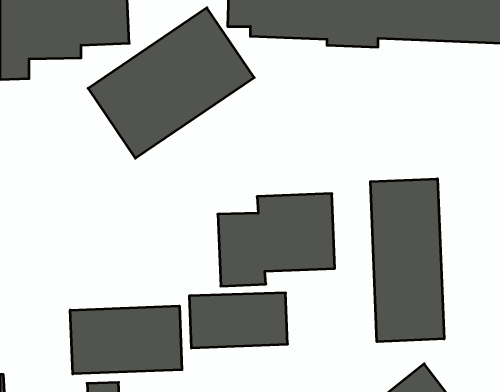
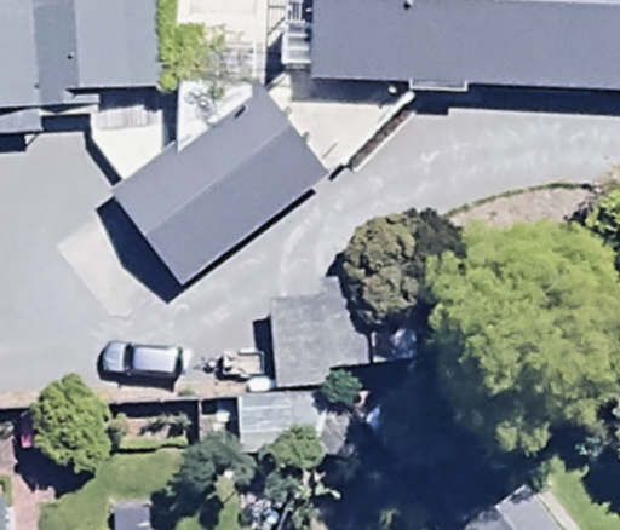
building: [370,179,444,342] -> none
building: [70,306,182,374] -> none

